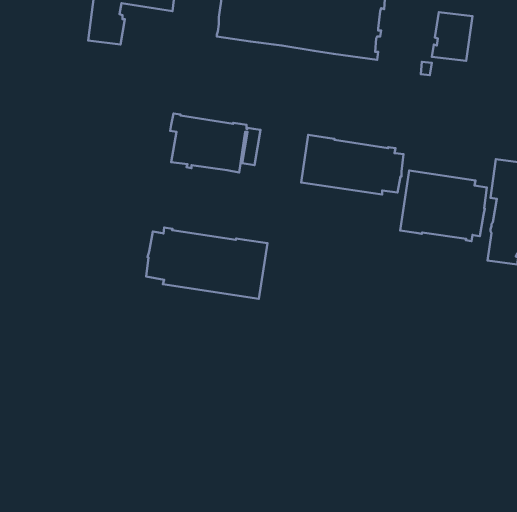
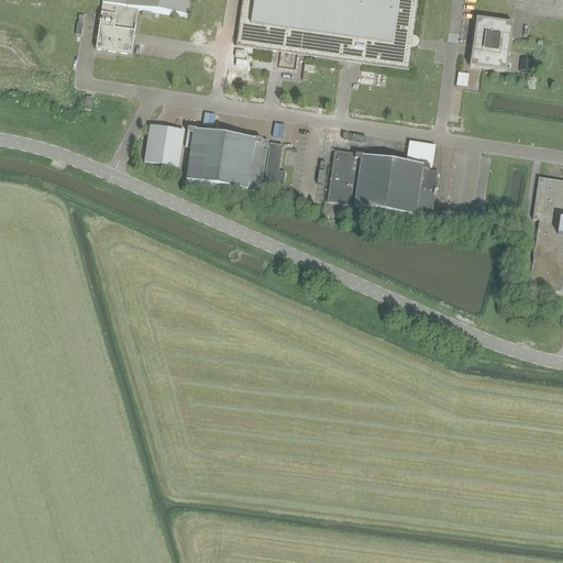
building: none -> [145,121,185,163]
building: [400,171,487,241] -> none
building: [146,228,267,299] -> none

